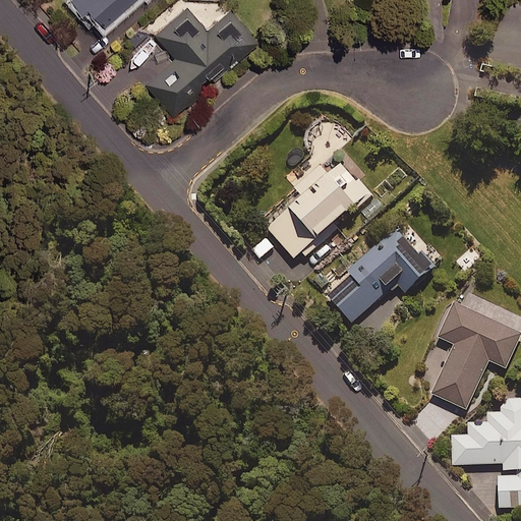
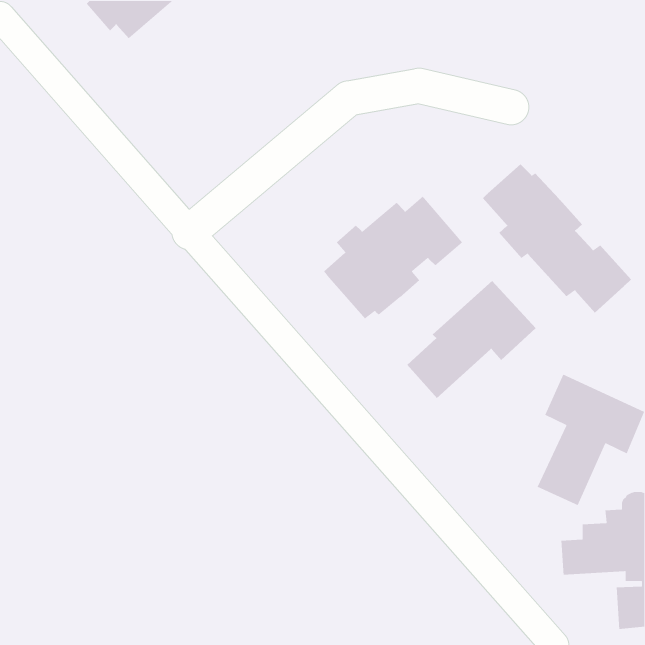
building: [126,9,256,115] -> none
building: none -> [482,163,632,313]

